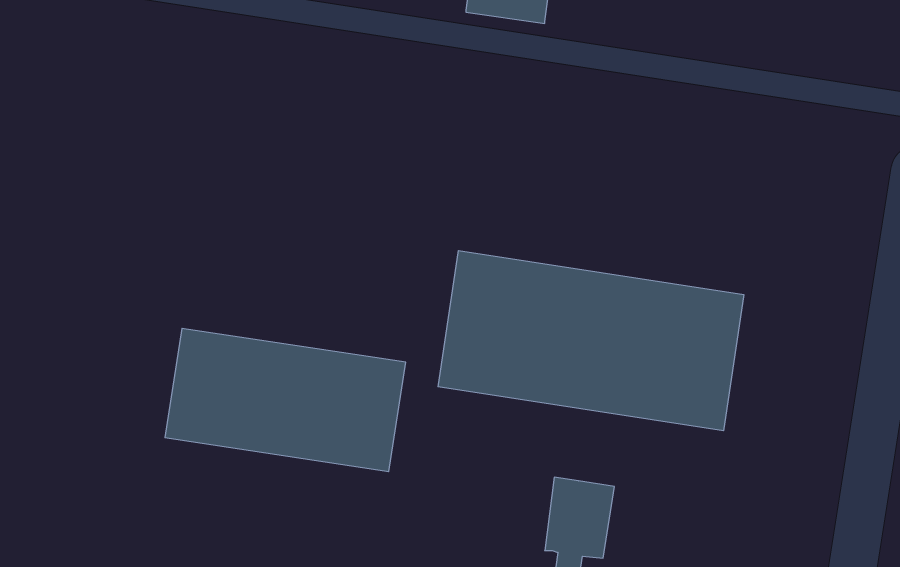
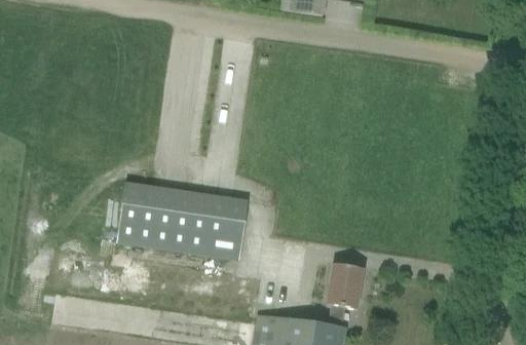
building: [438,251,744,431] -> none

